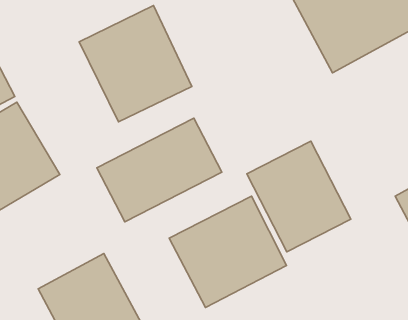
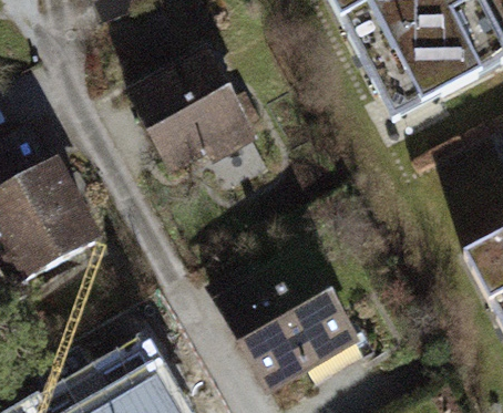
building: [97,118,222,222] -> none
building: [247,141,351,252] -> none

